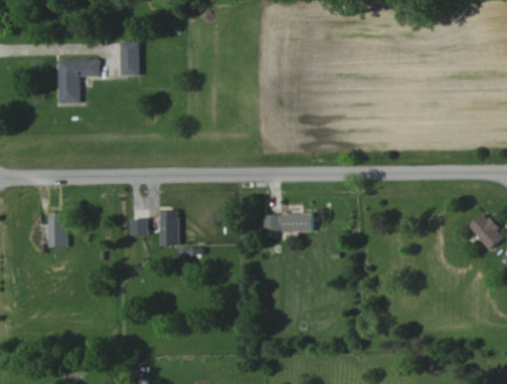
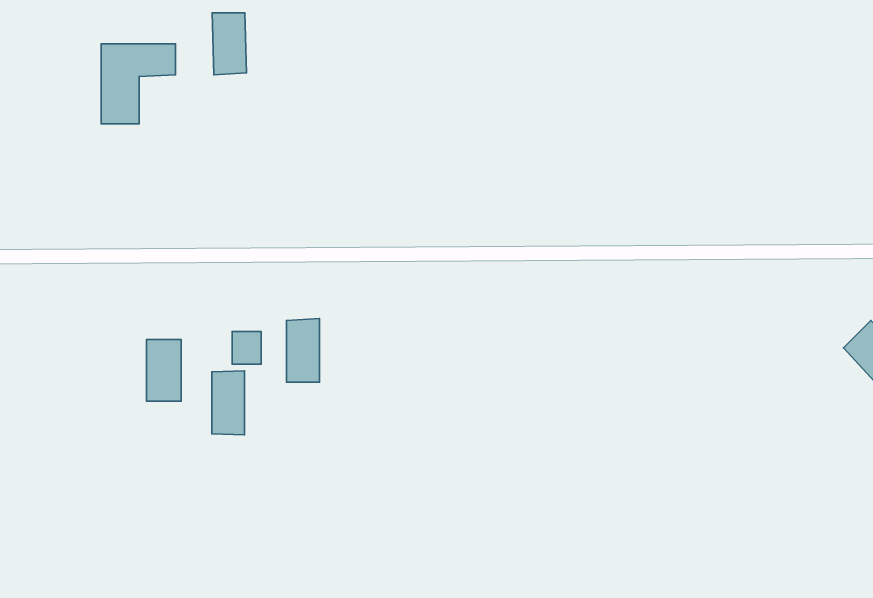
building: [47,212,66,246] -> [147,339,181,401]
building: [262,212,312,231] -> none
building: none -> [212,371,244,435]

